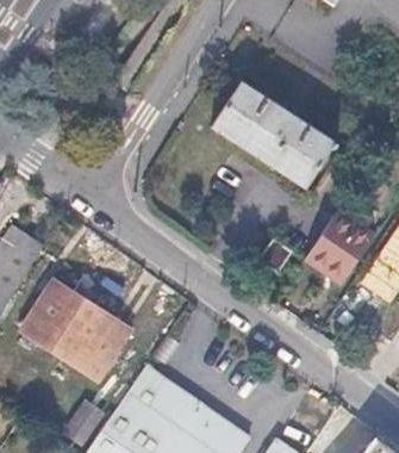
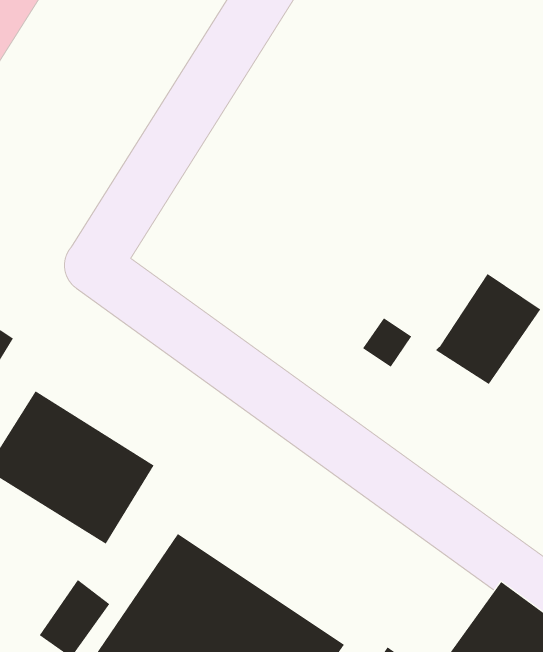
building: [213,82,331,184] -> none

